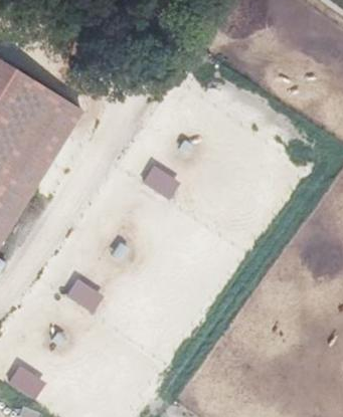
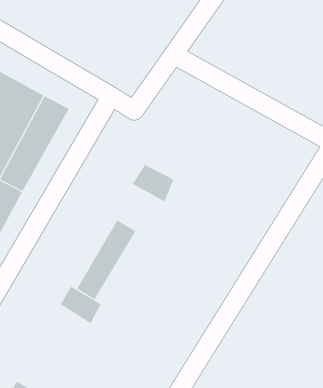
building: none -> [77,219,136,300]

